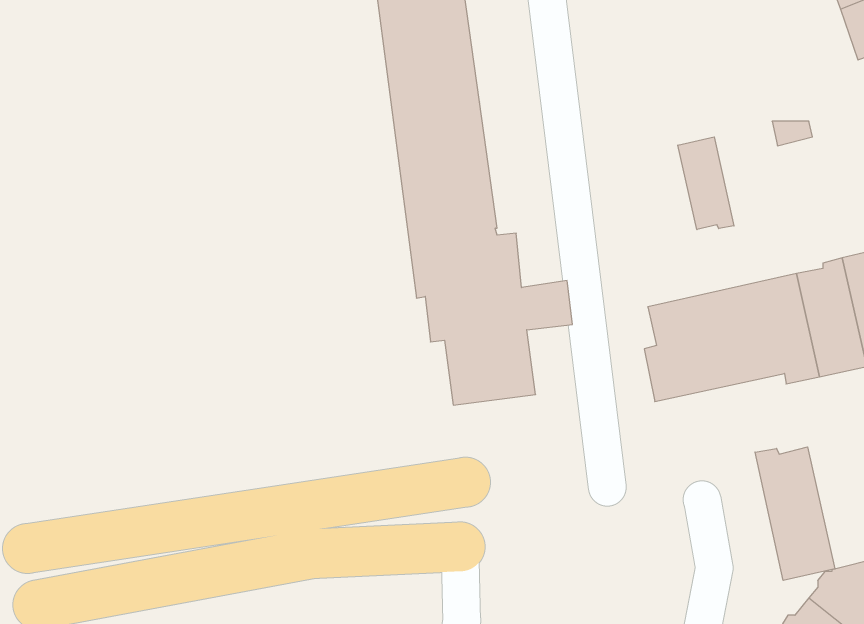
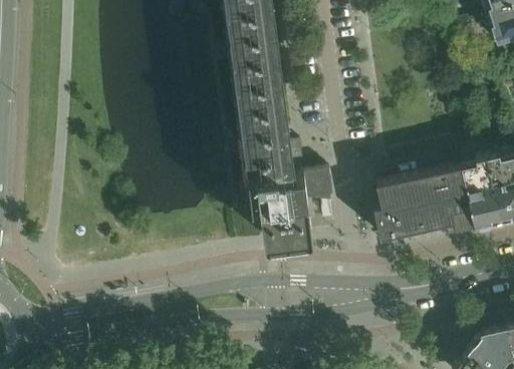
building: [678,137,734,230] -> none
building: [755,447,835,580] -> none

